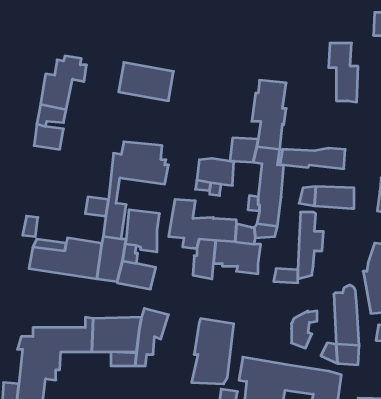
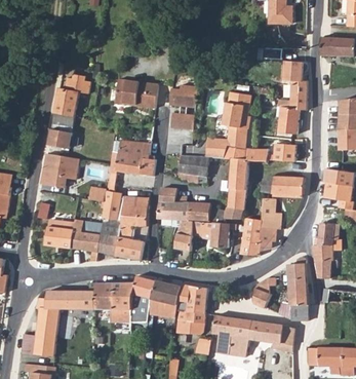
building: none -> [169,84,198,129]
building: none -> [275,100,299,135]
building: none -> [40,153,78,187]
building: none -> [241,218,260,244]
building: none -> [148,280,180,318]

